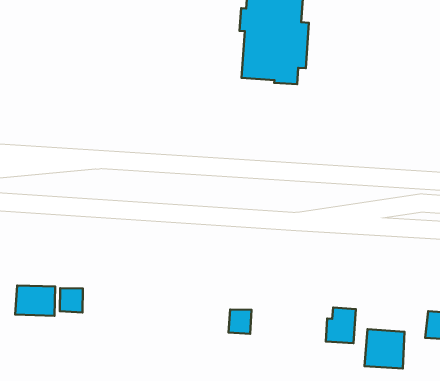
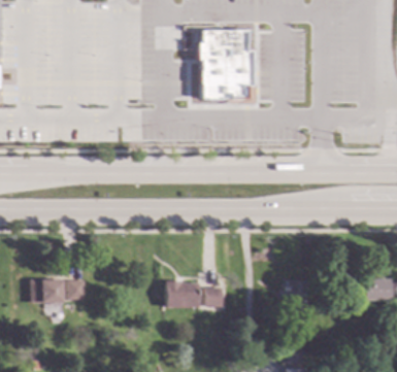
building: none -> [168,281,201,307]
building: [365,329,404,369] -> none

